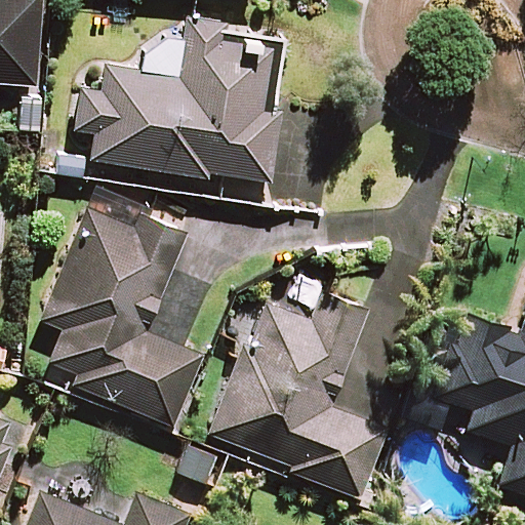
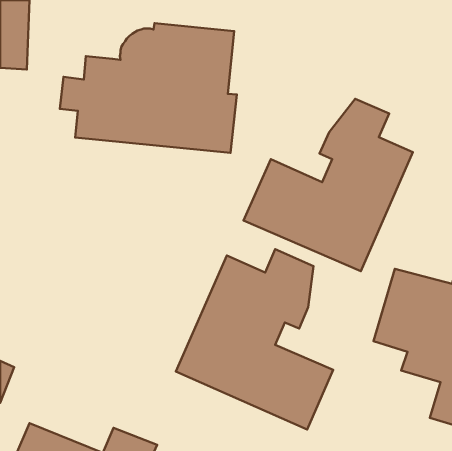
building: none -> [244,99,413,271]
building: [42,211,202,428] -> none

